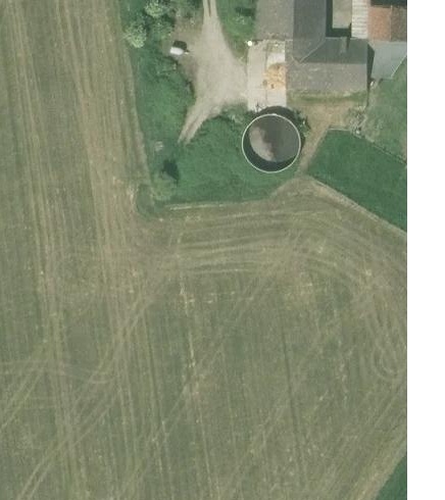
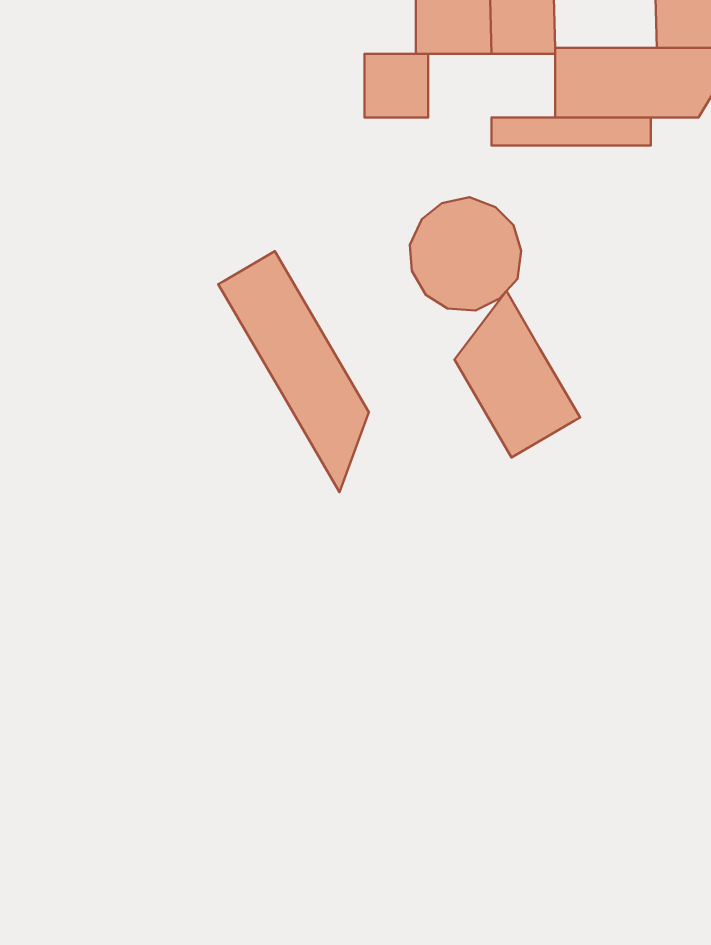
building: [293,40,326,72] -> [365,54,428,118]
building: none -> [218,251,369,492]
building: none -> [454,291,580,457]

